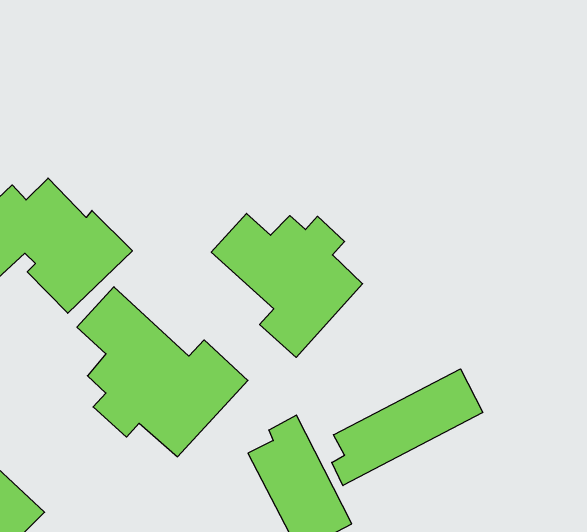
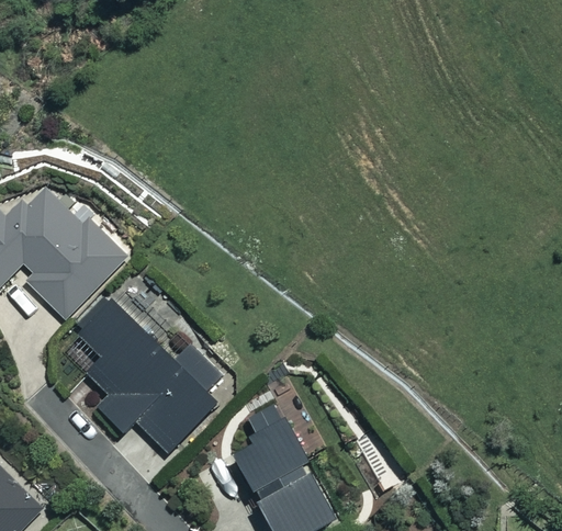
building: [211,213,363,357] -> none
building: [332,369,483,486] -> none

